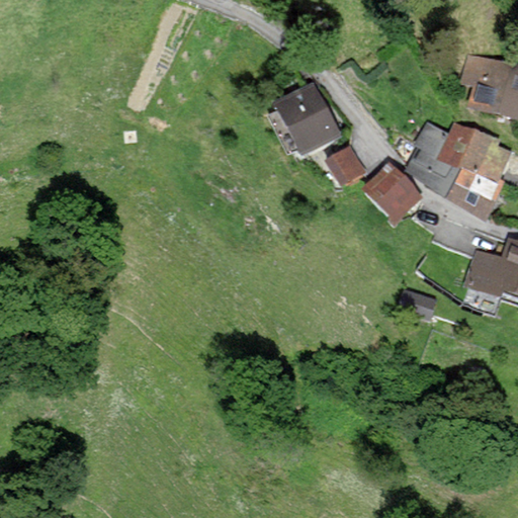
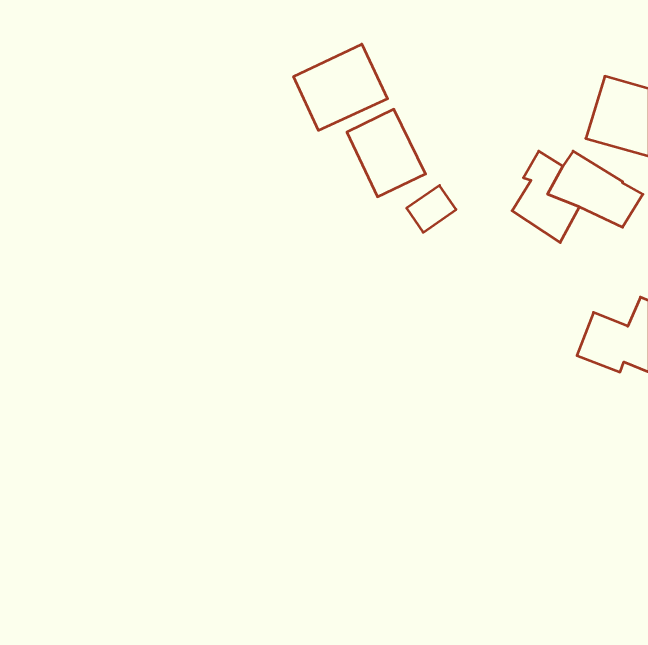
building: none -> [294,44,388,130]
building: [366,161,422,217] -> none
building: [447,165,503,215] -> none

